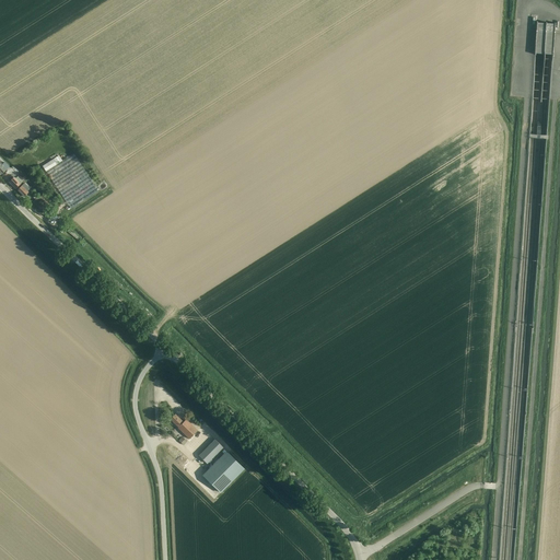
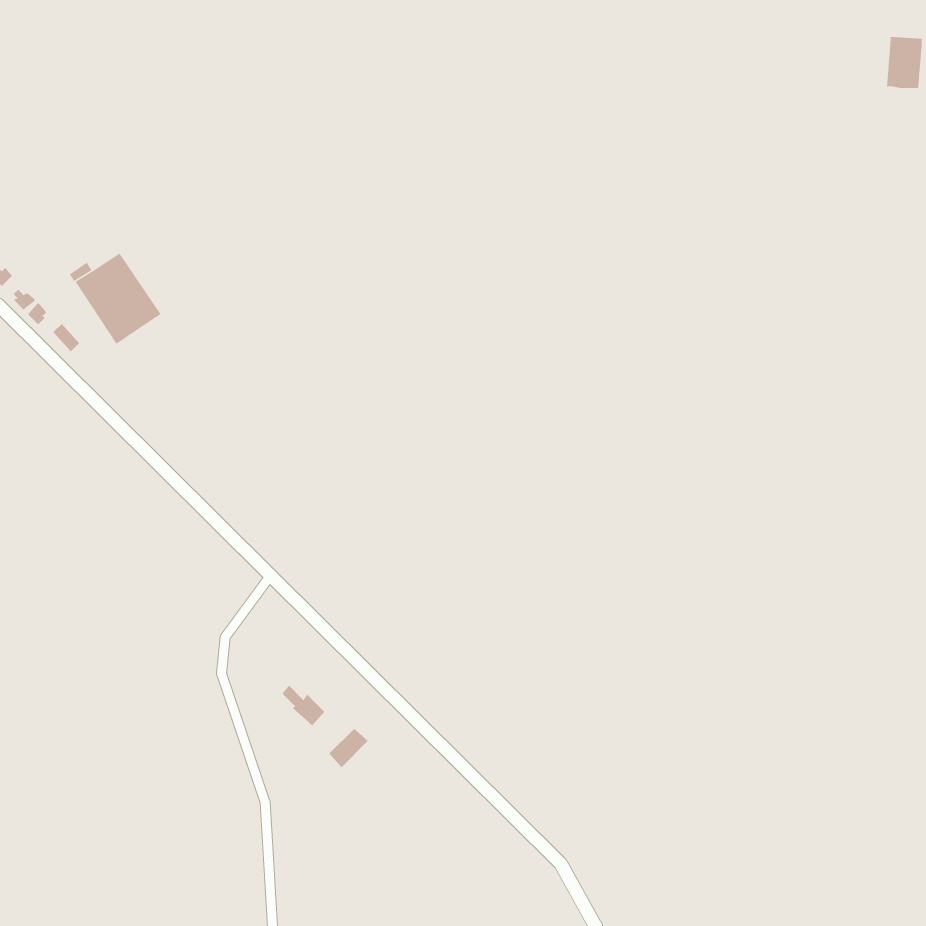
building: [201,451,243,492] -> none

